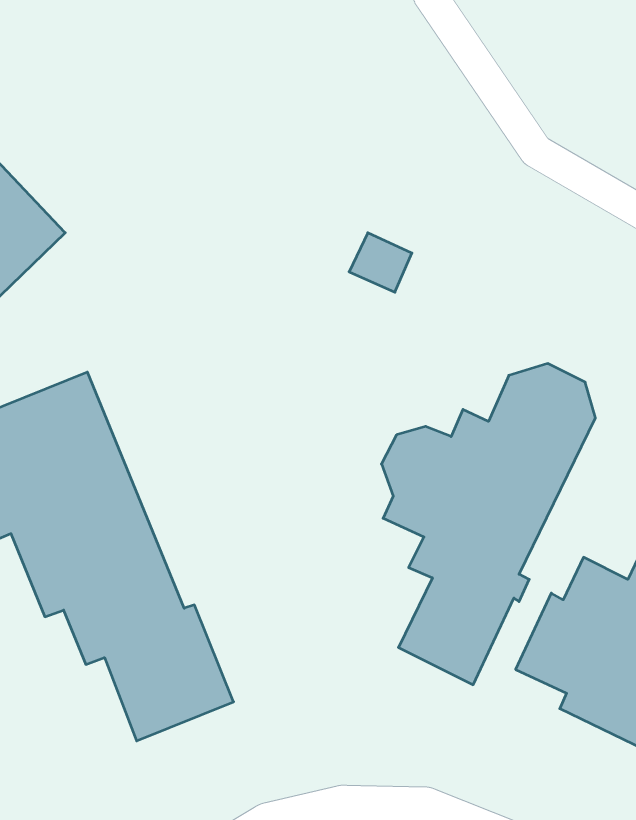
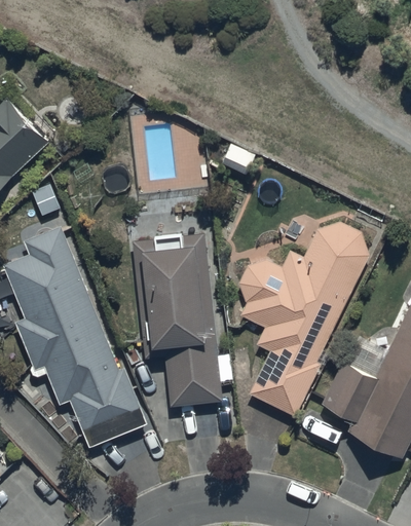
building: none -> [132,234,232,407]

